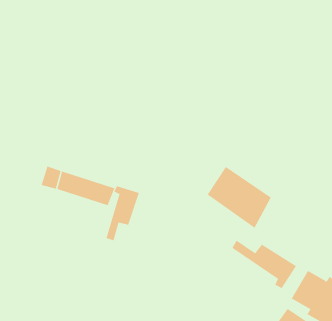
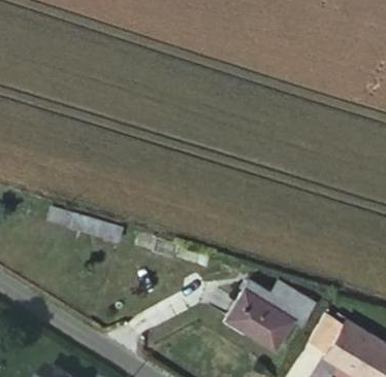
building: [207,166,271,229] -> [226,288,294,354]
building: [106,185,139,241] -> none

